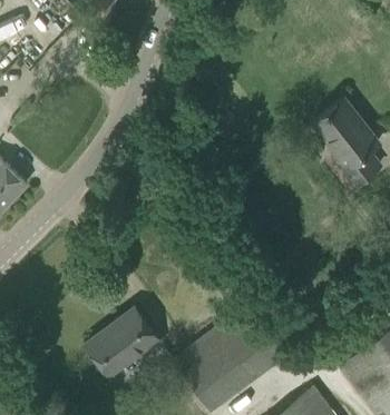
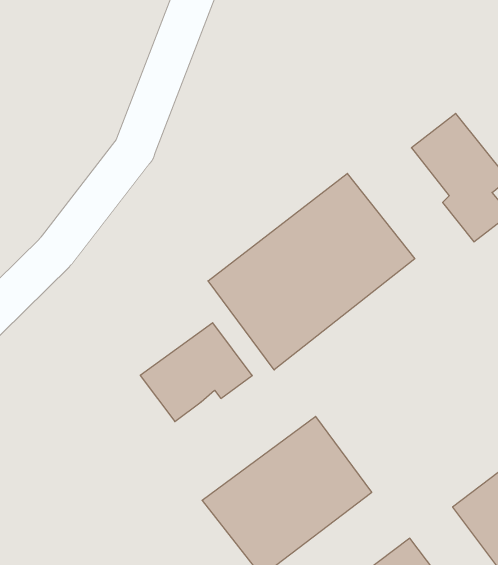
building: none -> [208,173,415,370]
building: [87,308,163,375] -> [140,323,252,422]

